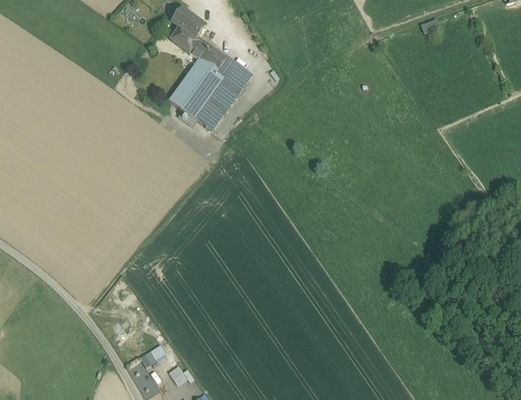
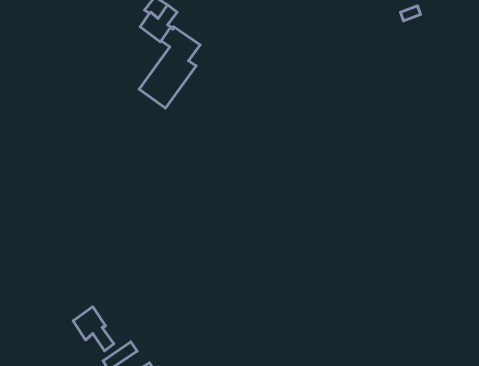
building: [193,56,252,131] -> none
building: none -> [73,307,114,351]

